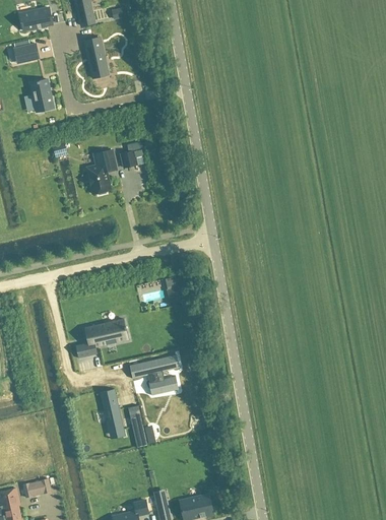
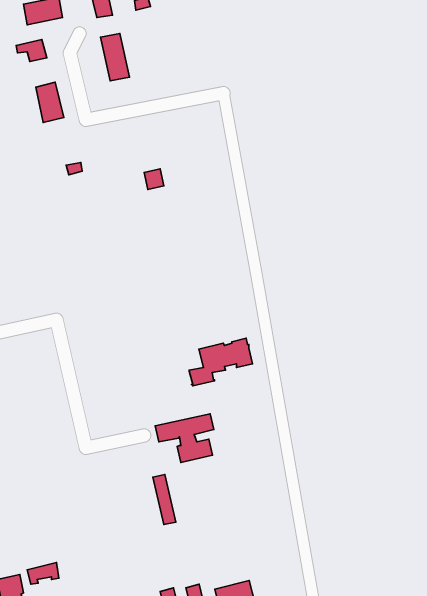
building: [87,149,117,194] -> none
building: [76,318,129,358] -> [189,338,252,386]
building: [100,388,124,432] -> none

